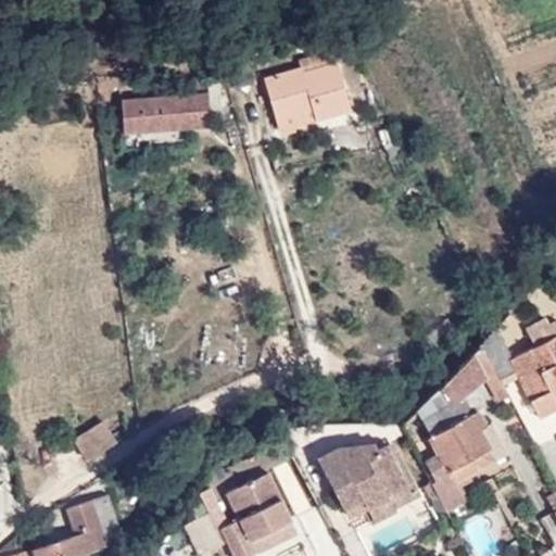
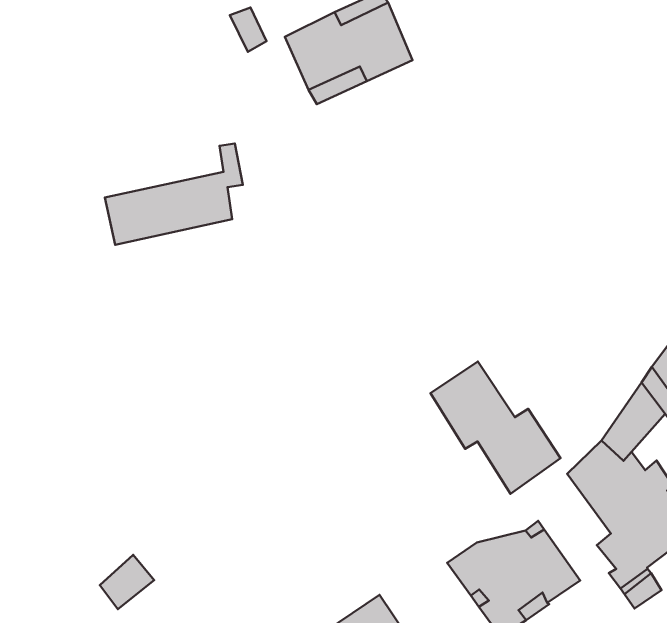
building: [122,76,218,134] -> [105,143,243,245]
building: none -> [431,361,561,494]

